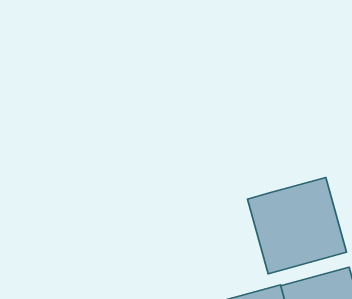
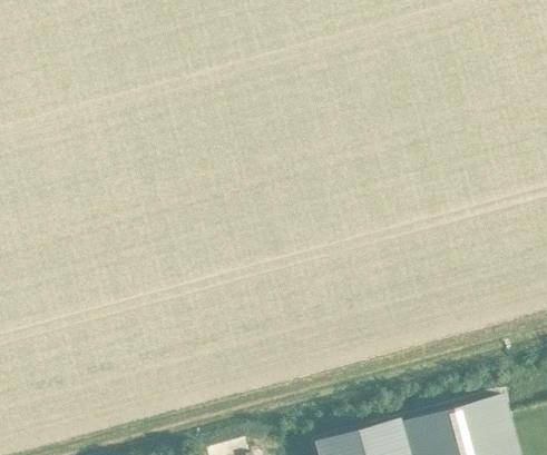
building: [247,178,346,274] -> none

